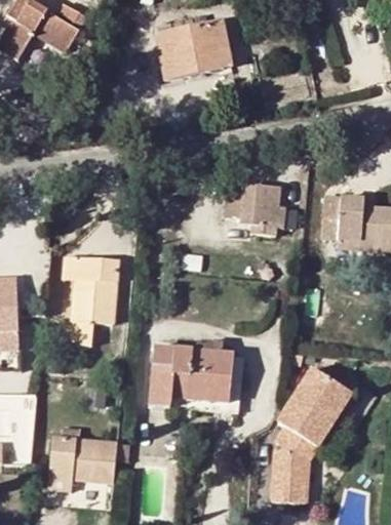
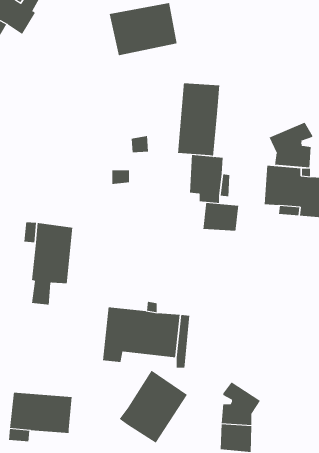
building: none -> [177,83,220,157]
building: none -> [269,122,313,168]
building: none -> [203,202,239,231]
building: [279,367,353,446] -> [119,370,188,444]

